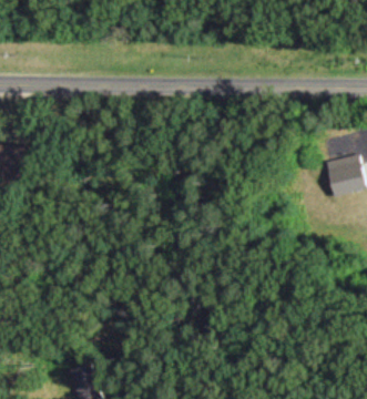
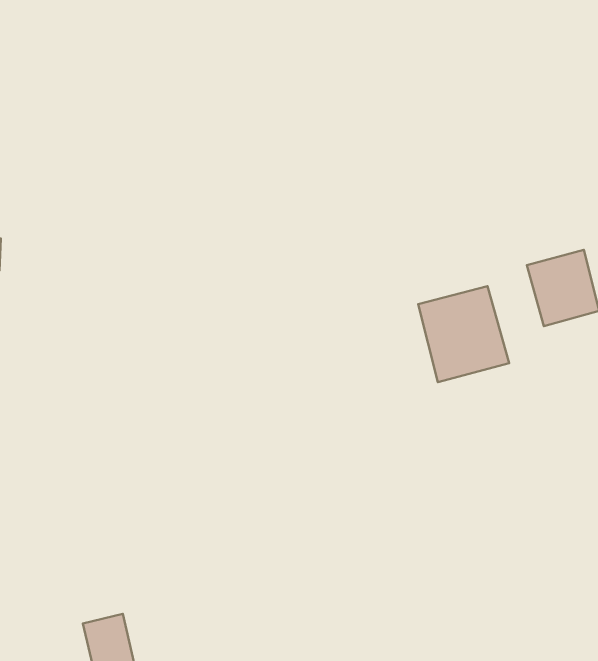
building: none -> [418,286,509,382]

